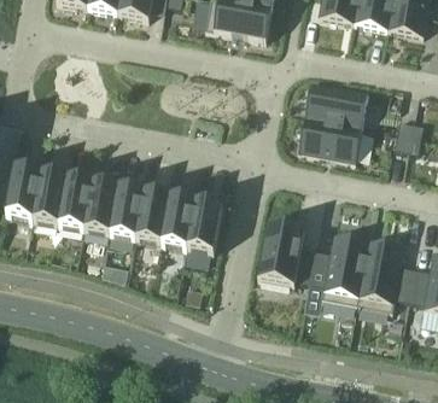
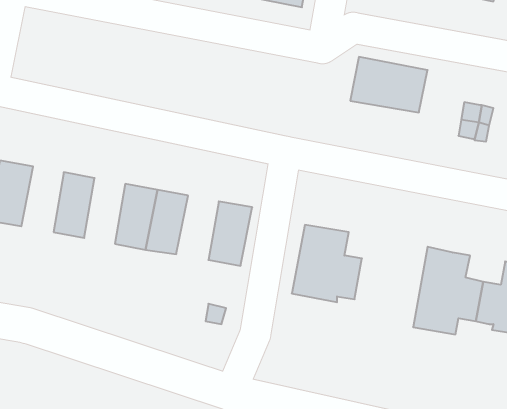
building: [300,113,363,159] -> none
building: [35,168,70,222] -> none
building: [87,177,121,232] -> none
building: [163,192,198,245] -> none
building: [305,228,370,308] -> none

